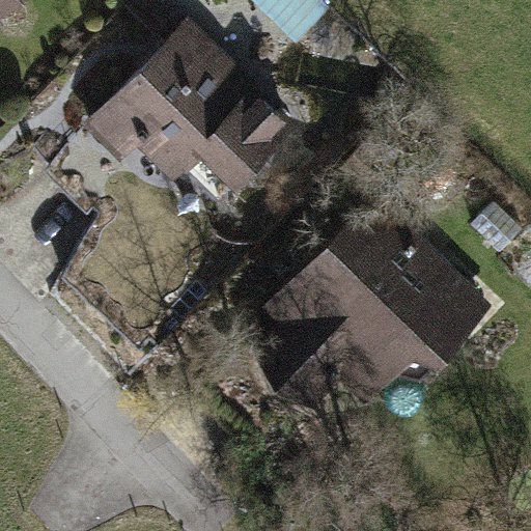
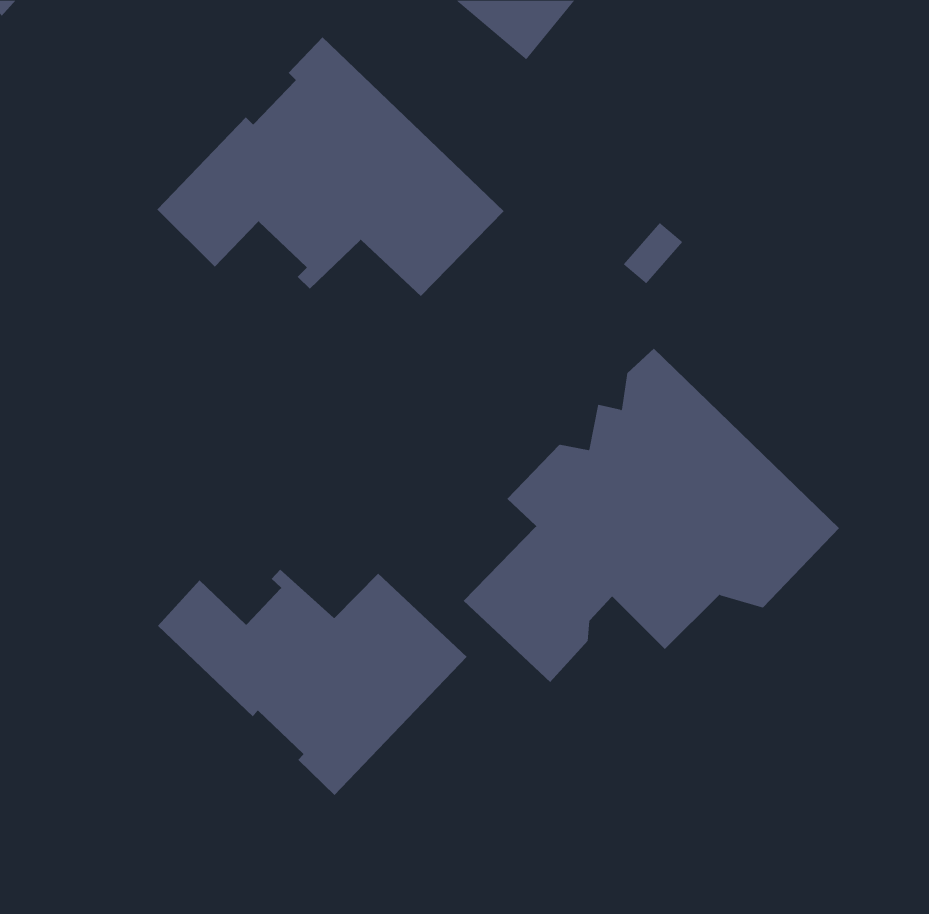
building: none -> [157,569,467,796]

